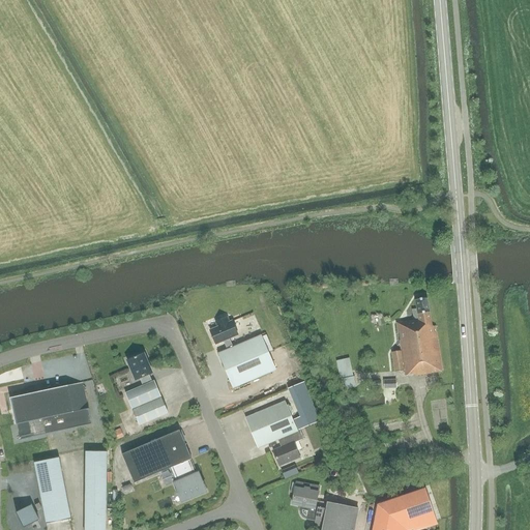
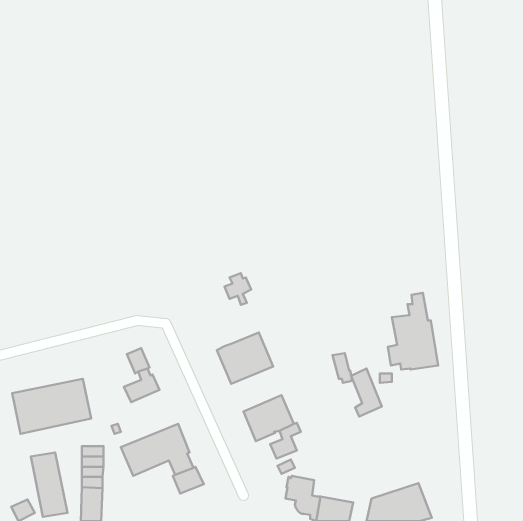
building: [211,318,238,350] -> [224,273,251,305]
building: [289,380,320,429] -> [351,369,382,417]
building: [132,394,169,423] -> none

